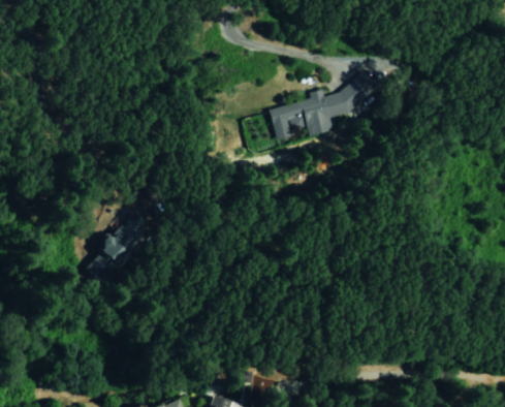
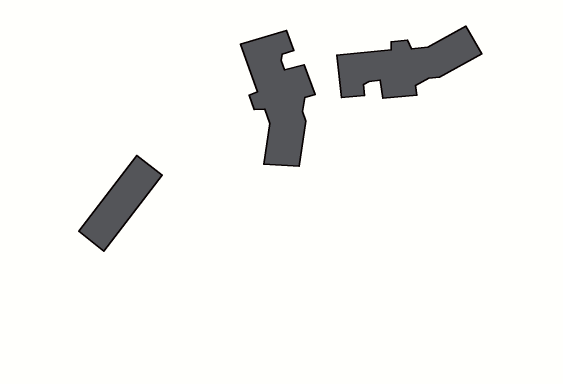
building: none -> [241,30,315,166]

